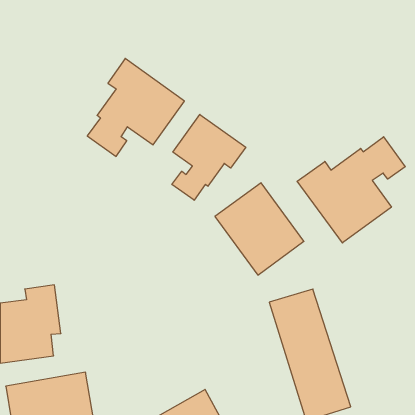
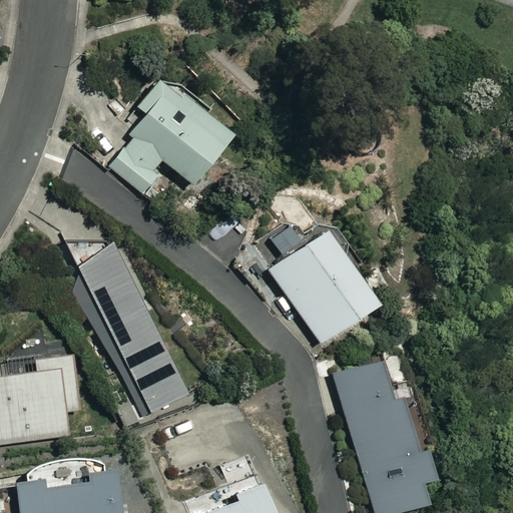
building: [172,114,246,200] -> none
building: [297,137,405,243] -> none
building: none -> [52,228,193,427]

